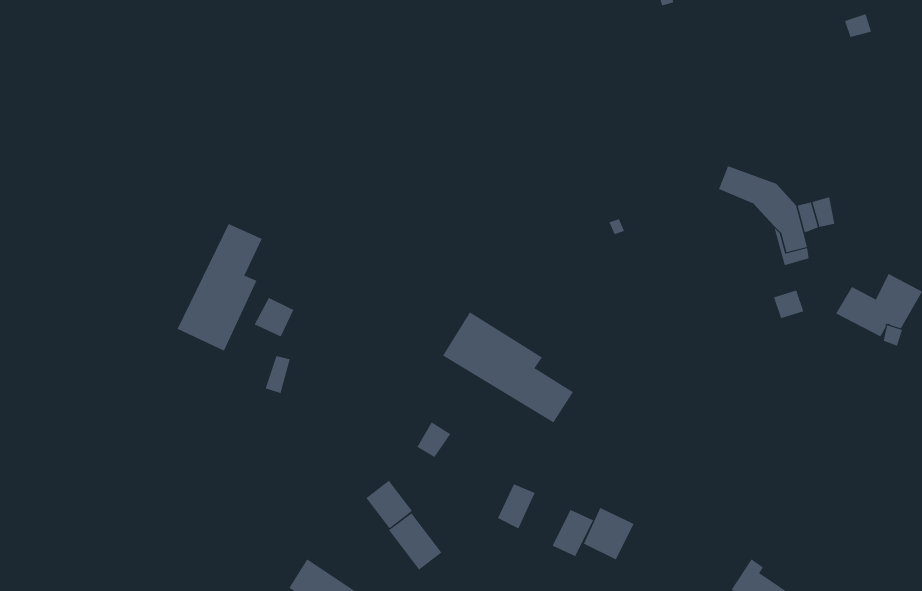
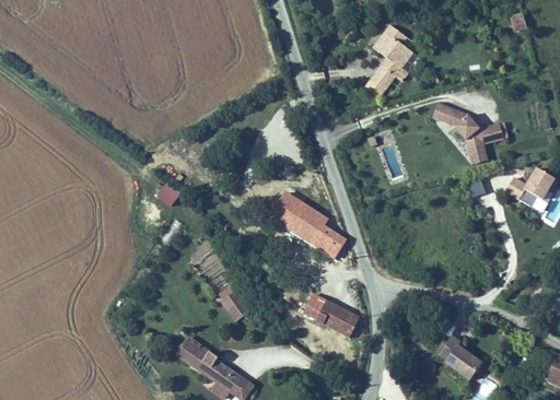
building: none -> [372,22,413,86]
building: [177,223,262,351] -> none
building: [583,507,634,560] -> [314,298,345,330]
building: [388,512,442,570] -> none

